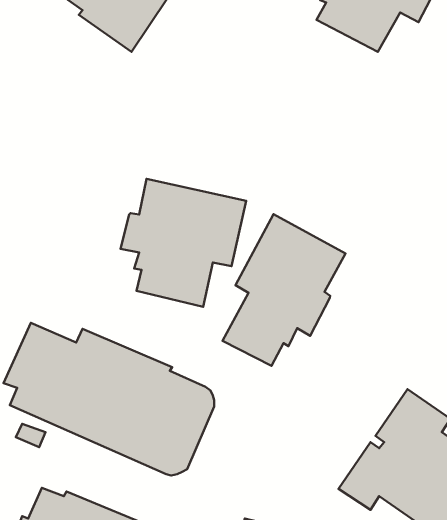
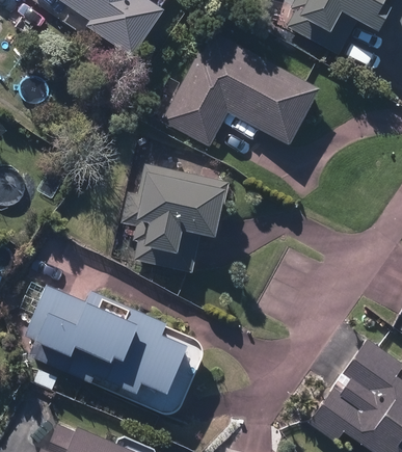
building: none -> [163,31,318,144]
building: [223,214,346,366] -> none

